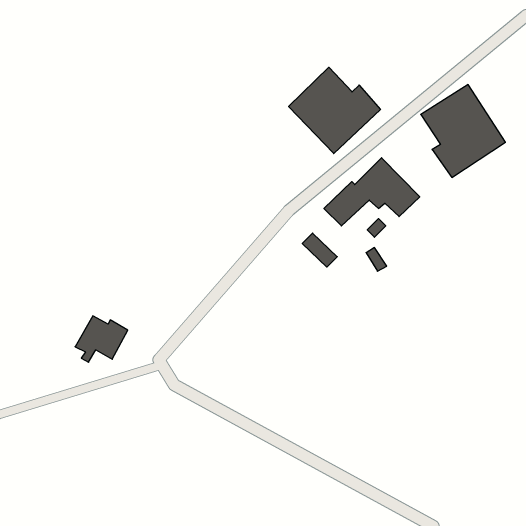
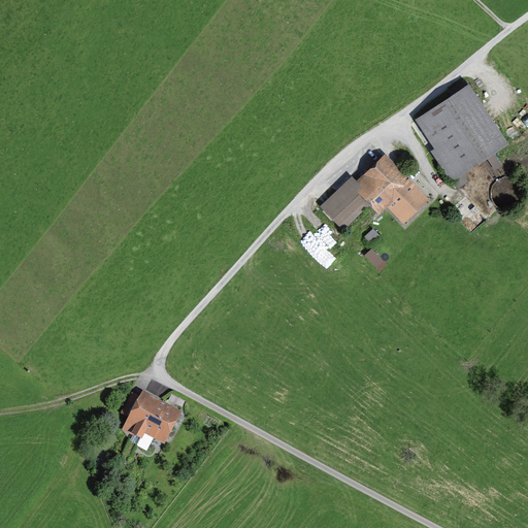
building: [289,67,380,154] -> none
building: [75,316,128,362] -> [123,397,175,443]

